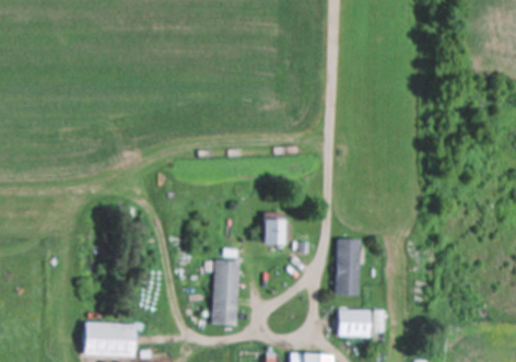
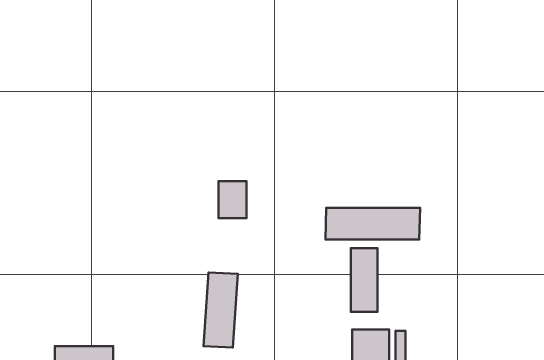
building: none -> [325,208,420,239]
building: [262,212,286,244] -> [218,181,246,218]

